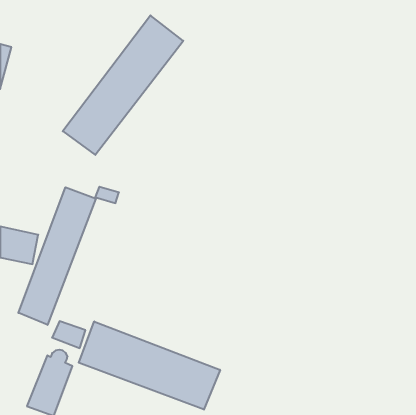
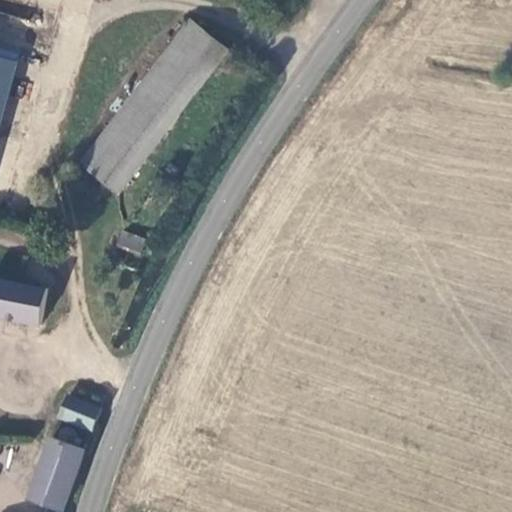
building: [18,187,96,325] -> none
building: [79,321,220,410] -> none

